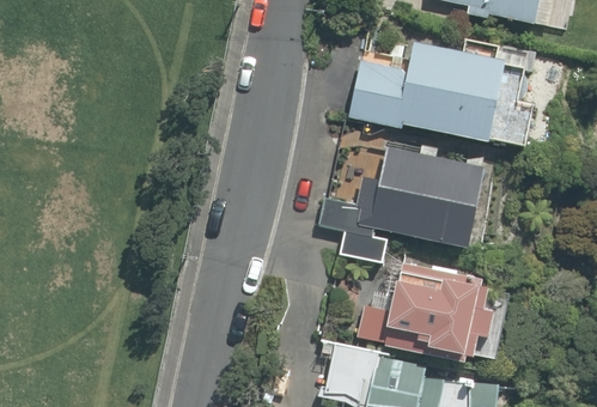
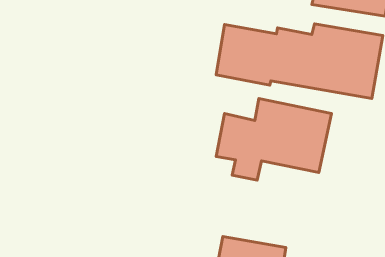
building: [351,261,507,365] -> none

